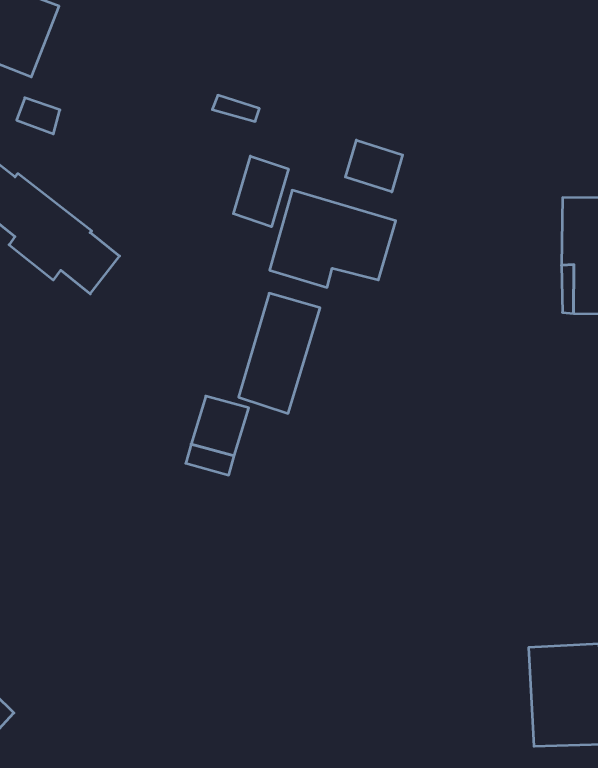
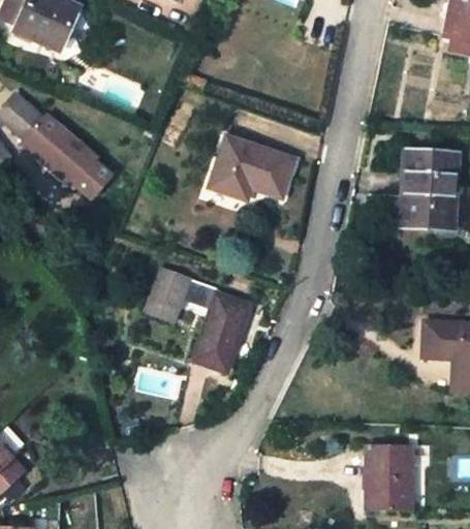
building: [345,140,403,192] -> none
building: [233,156,288,227] -> none
building: [239,293,320,413] -> [192,292,249,372]

